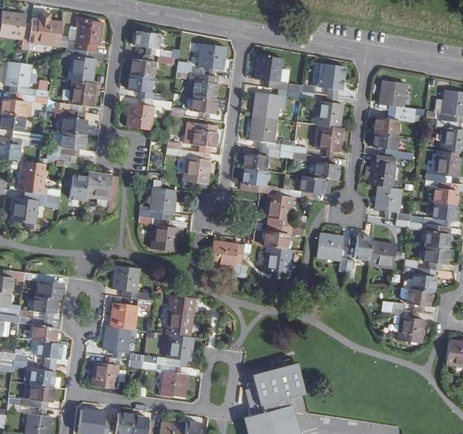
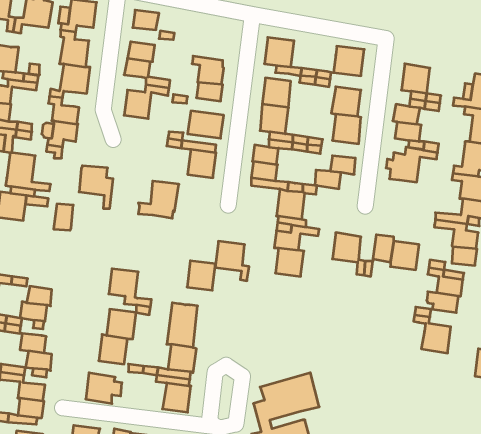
building: [199,43,225,69] -> none
building: [69,174,87,198] -> [54,204,73,230]
building: [374,185,411,220] -> none
building: [151,224,177,251] -> [187,261,216,290]

